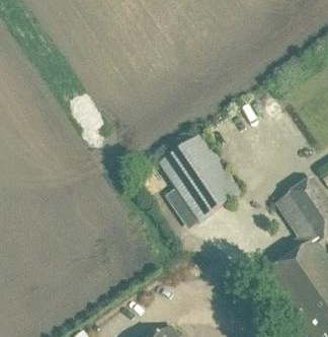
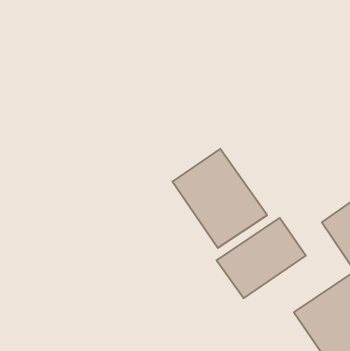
building: none -> [217,218,306,298]

